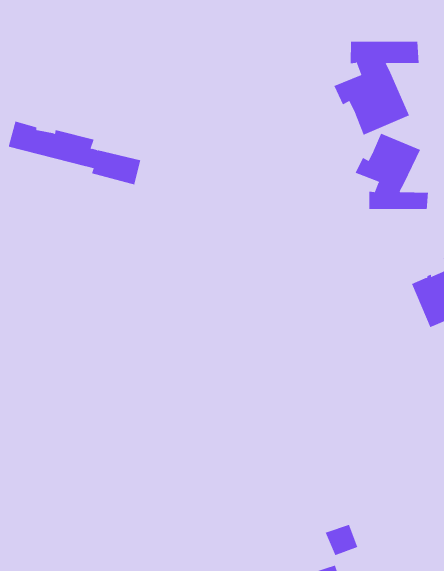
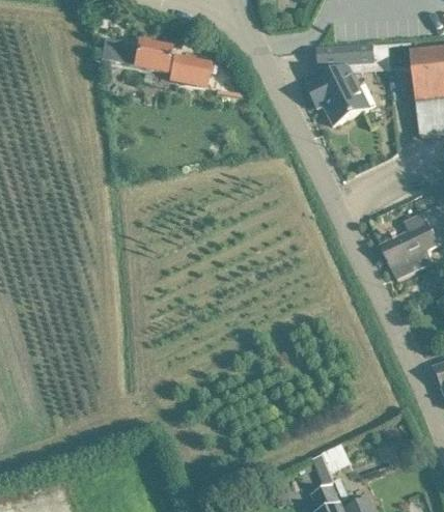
building: [8,121,141,185] -> [101,37,211,84]
building: [355,133,428,210] -> none

